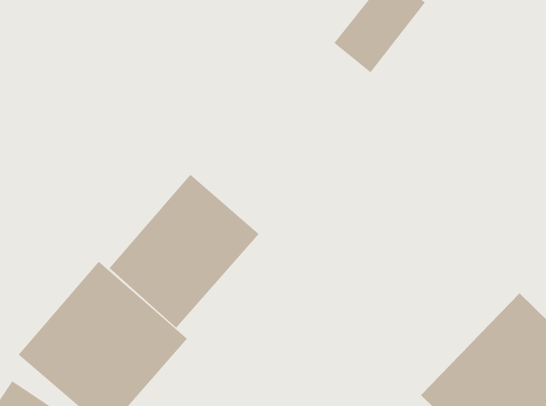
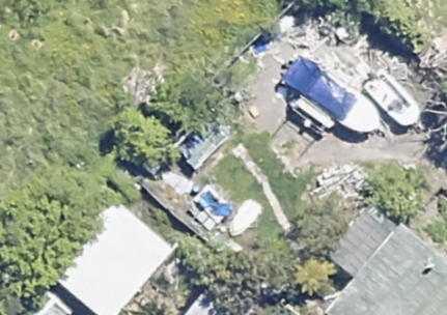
building: [109,174,259,328] -> none

